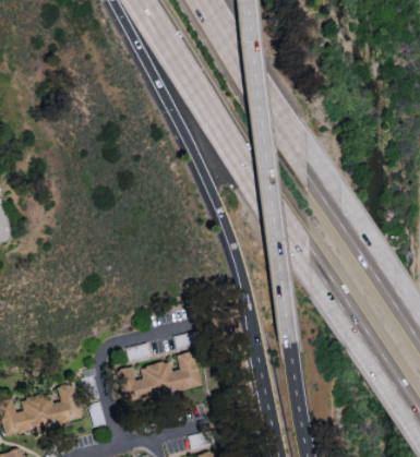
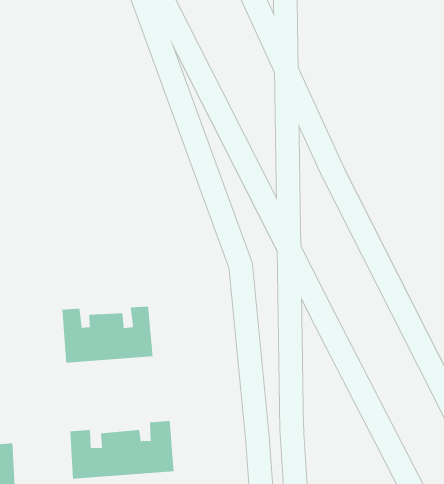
building: none -> [62,306,153,364]

